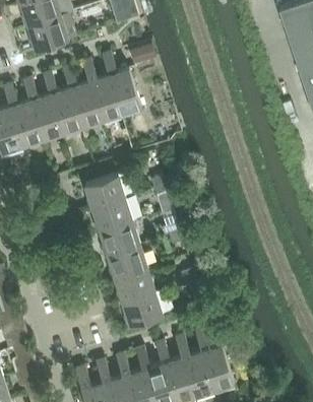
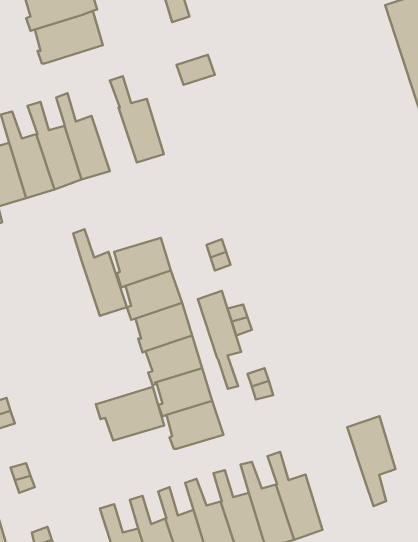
building: [103,55,142,117] -> none
building: [63,67,102,129] -> [73,229,127,316]
building: none -> [198,291,241,389]
building: none -> [96,387,164,440]
building: none -> [347,416,395,506]

